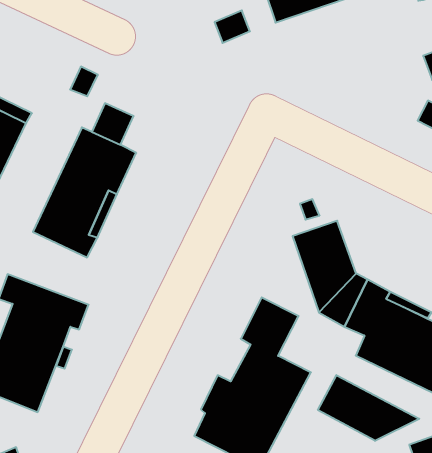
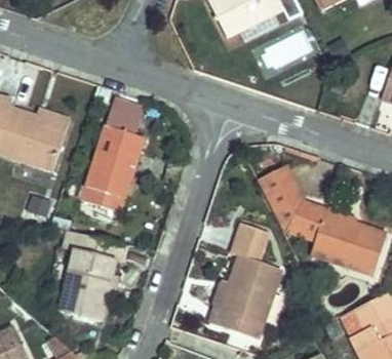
building: [318,375,419,441] -> none

